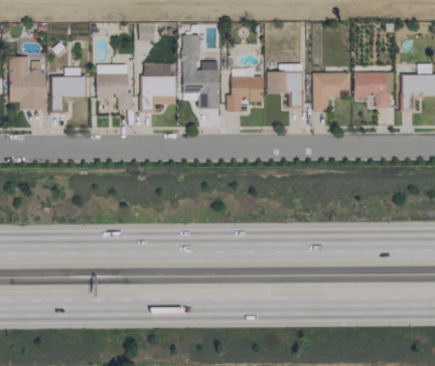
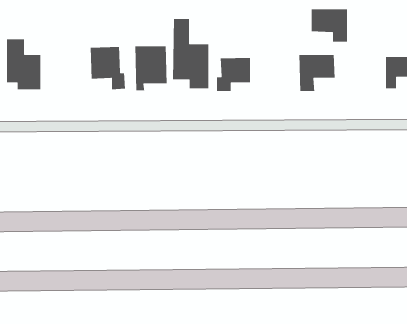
building: [267,71,302,108] -> none
building: [353,72,392,108] -> [311,8,348,42]
building: [51,76,86,113] -> none

